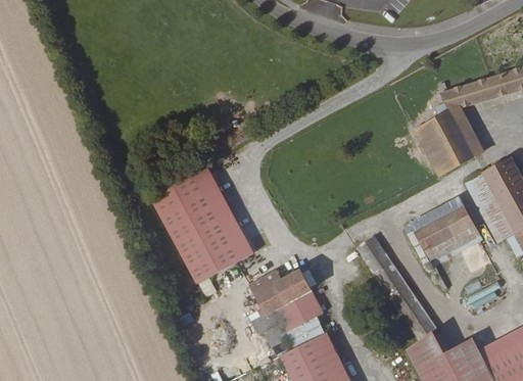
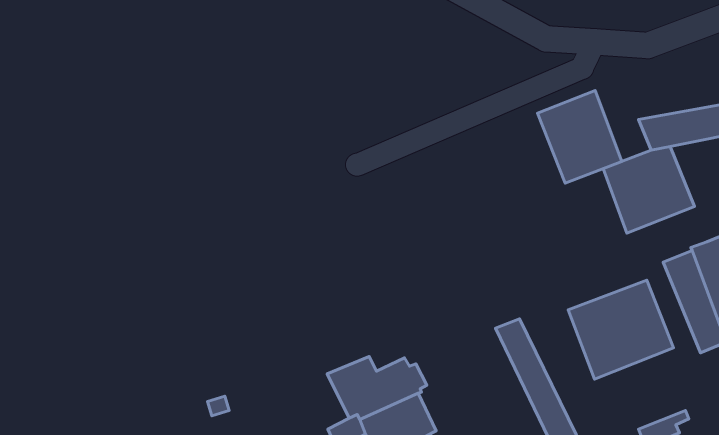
building: none -> [537,90,622,183]
building: [148,177,254,292] -> none

